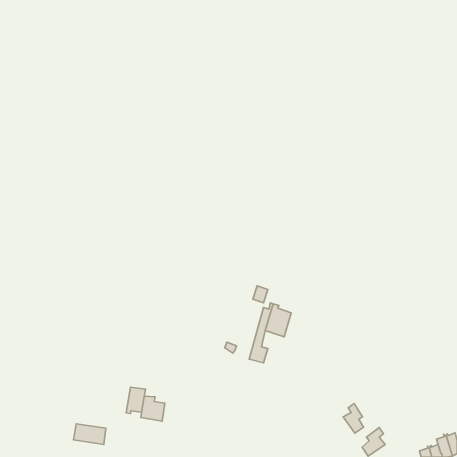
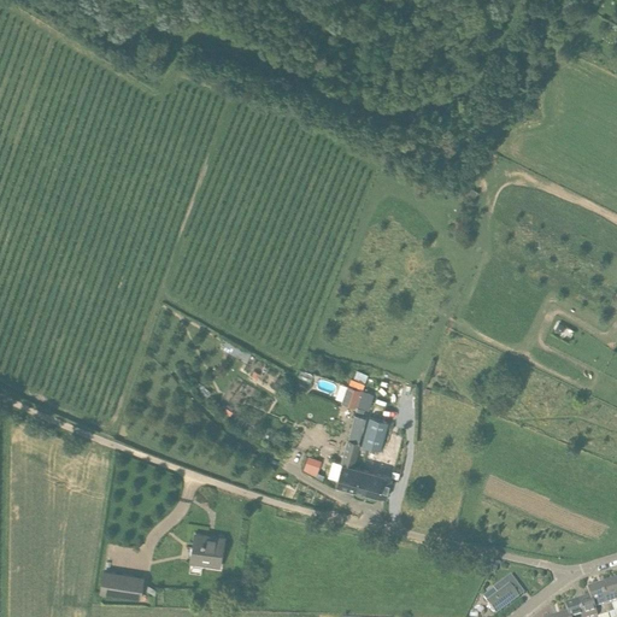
building: none -> [354,469,390,496]
building: [126,387,145,413] -> none
building: [343,404,363,433] -> none

